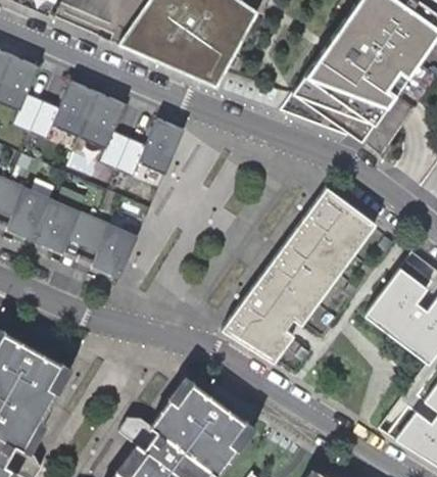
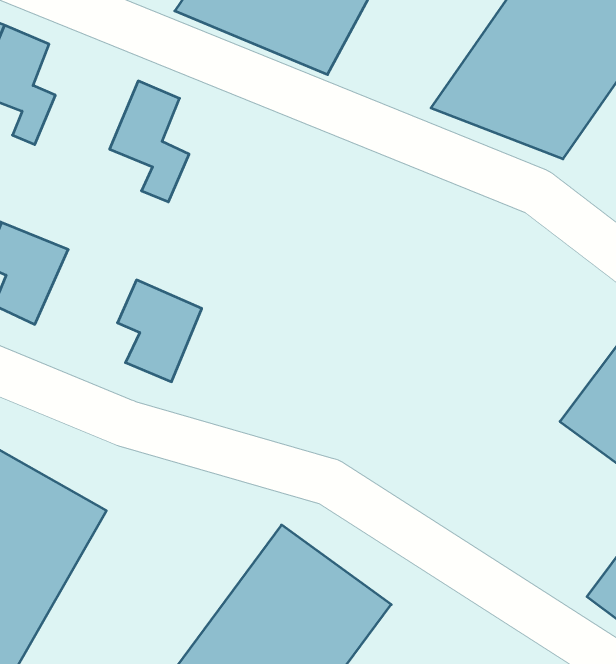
building: [29,81,95,138] -> none
building: [114,117,181,176] -> none
building: [226,188,369,357] -> none
building: [29,199,94,259] -> none

